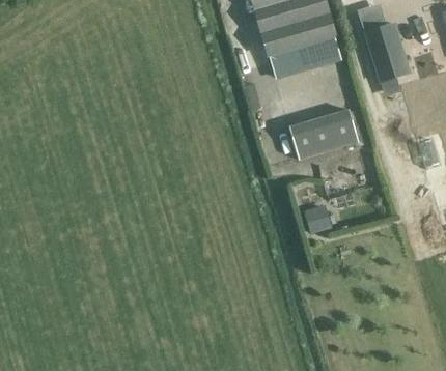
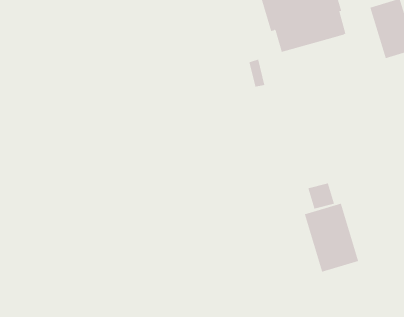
building: [284,108,356,162] -> none
building: none -> [304,203,359,272]

